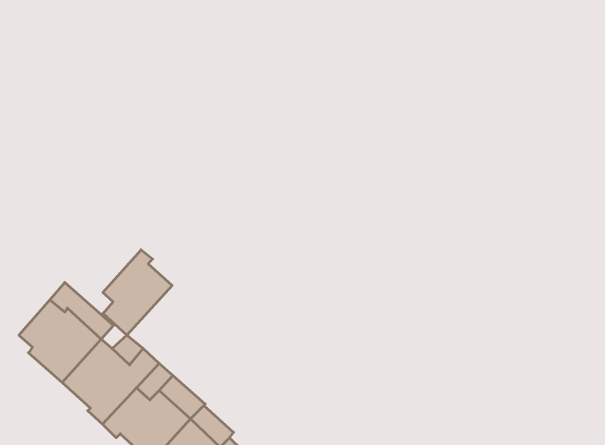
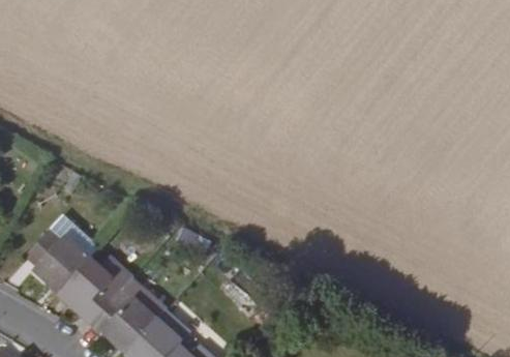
building: [103,250,172,335] -> none

